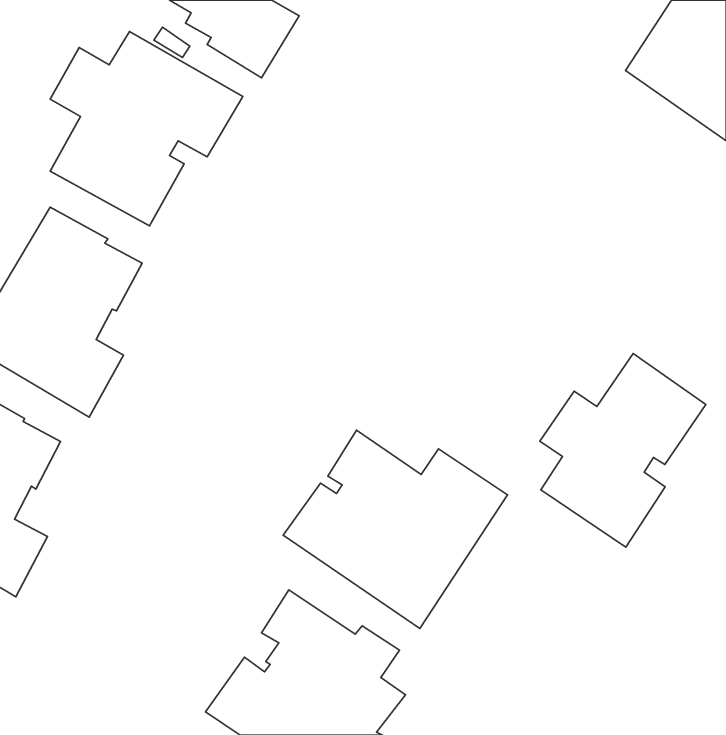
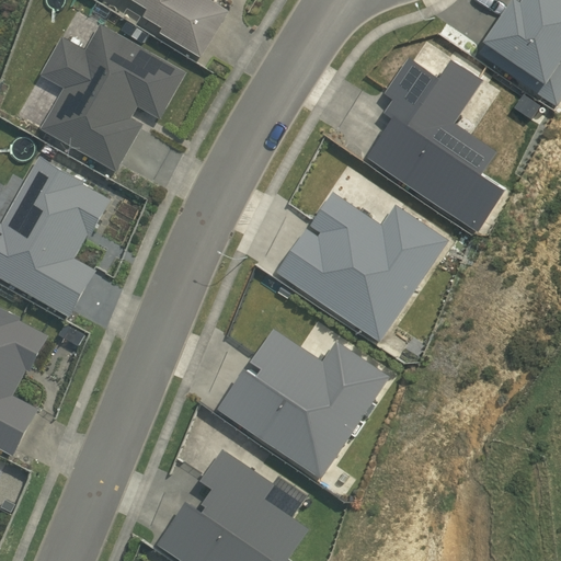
building: none -> [366,58,505,232]
building: none -> [275,192,447,343]
building: [540,354,706,547] -> none

